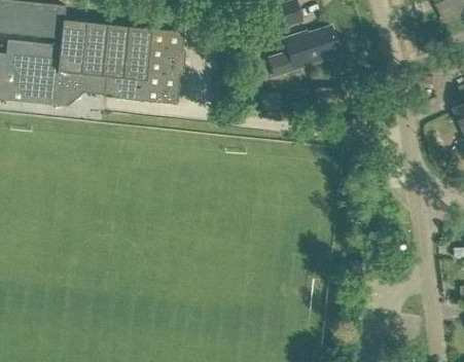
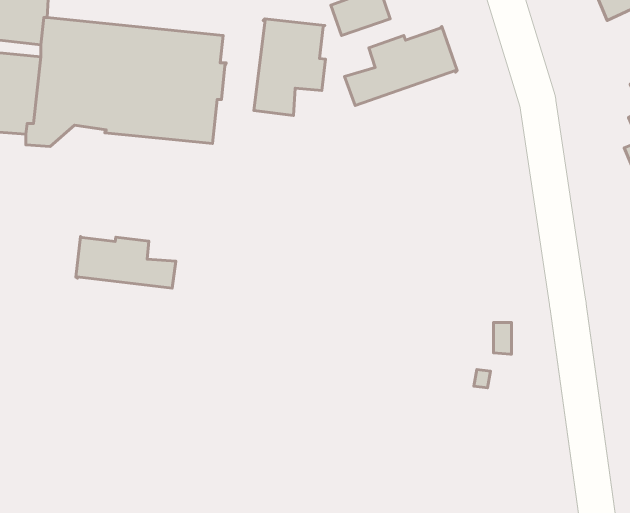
building: none -> [254,19,326,115]
building: none -> [76,237,176,288]

